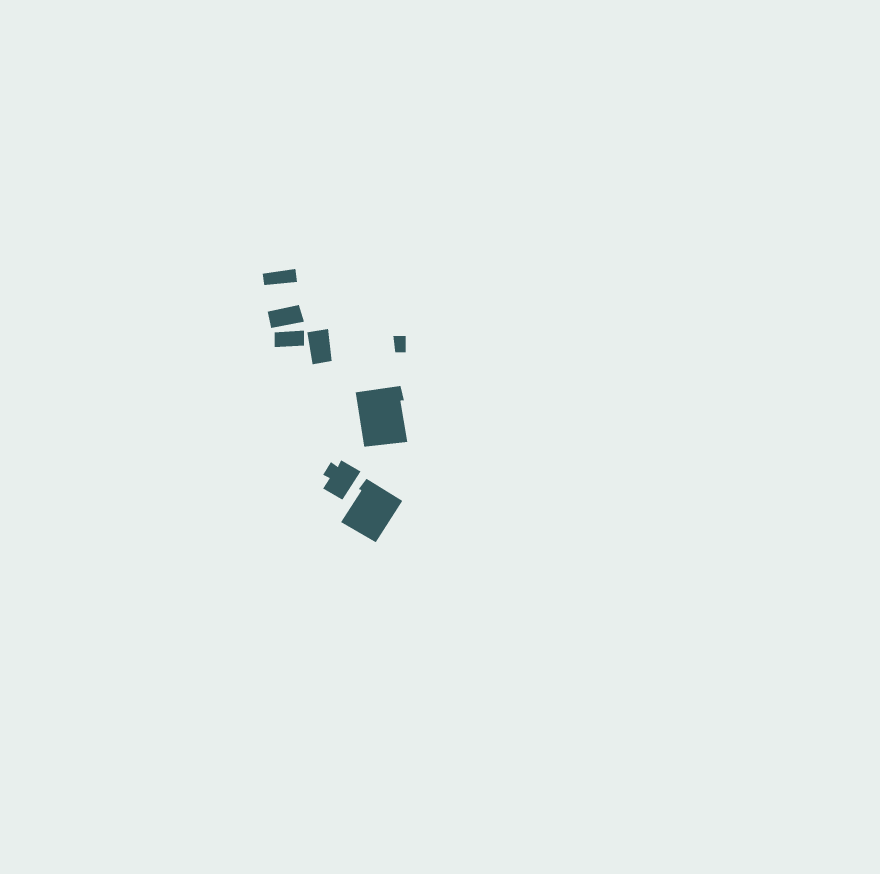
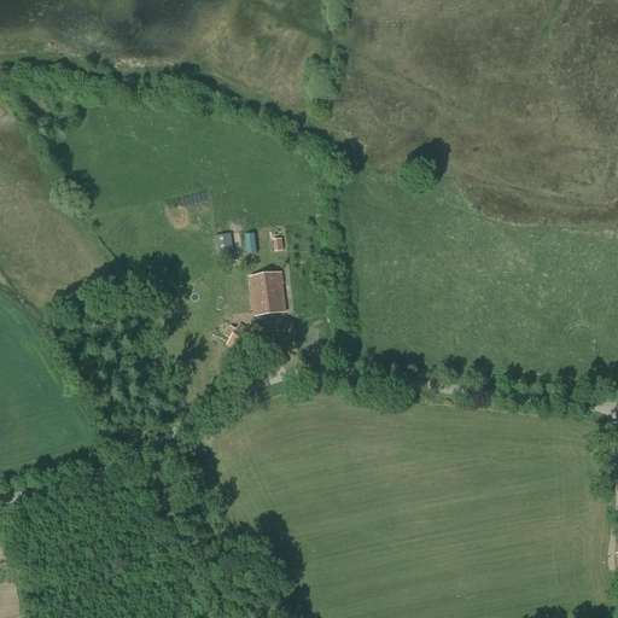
building: [340,478,403,543] -> none

